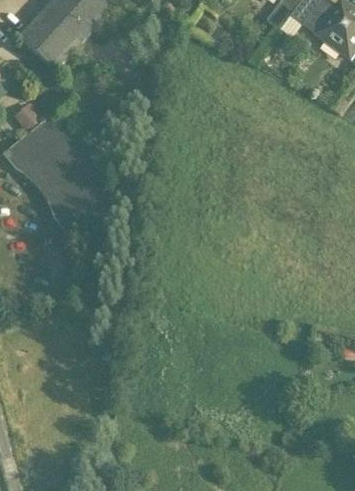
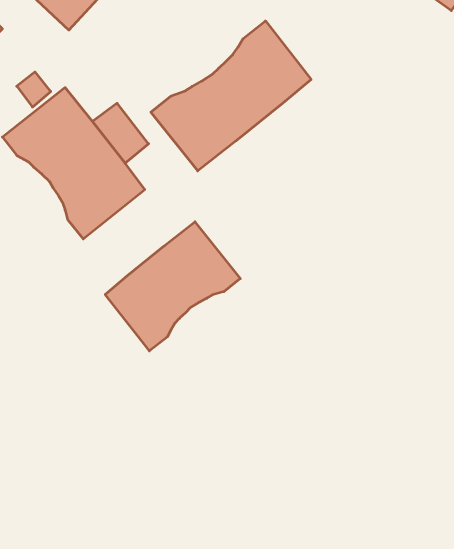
building: none -> [151,21,311,171]
building: none -> [105,222,240,351]

